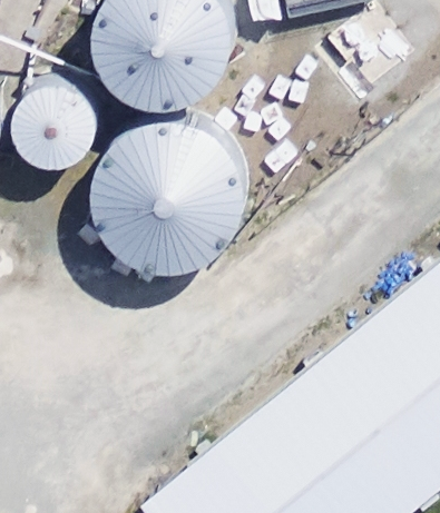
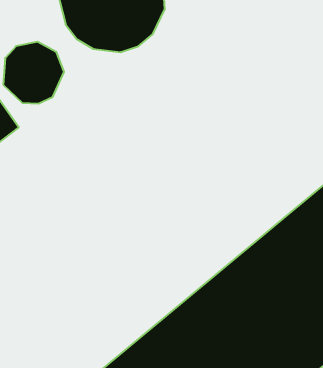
building: [94,117,232,255] -> none

